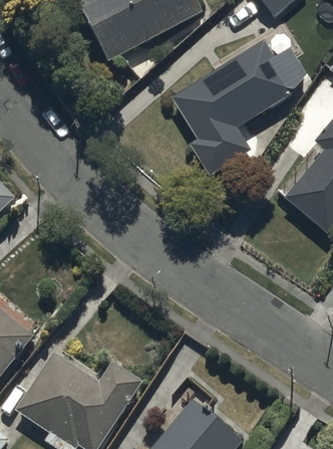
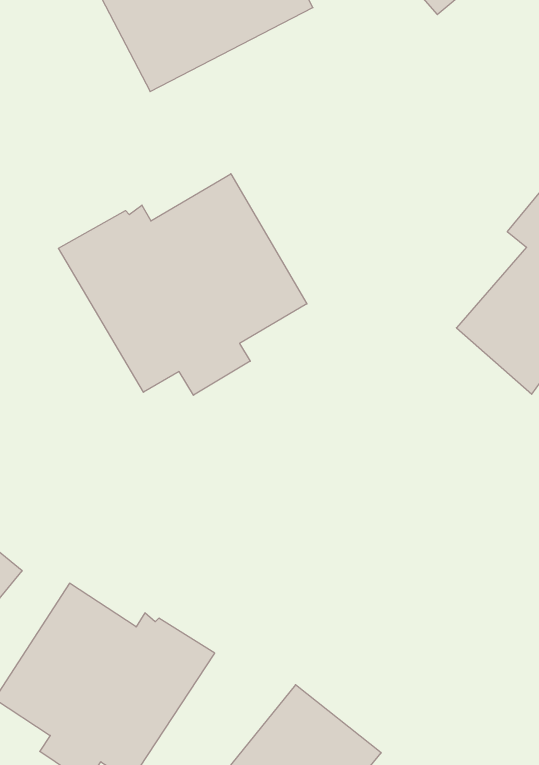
building: [170,41,307,176] -> none
building: none -> [58,174,307,395]

